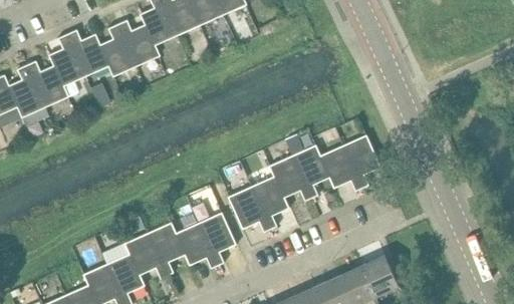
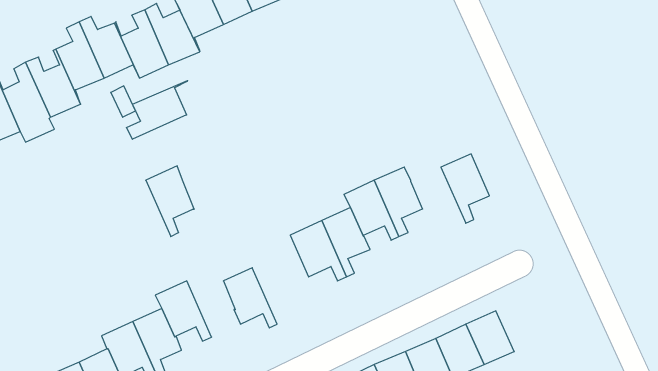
building: none -> [126,81,188,139]
building: [319,145,361,192] -> none
building: [198,213,235,266] -> none
building: [148,222,185,276] -> [146,166,194,237]

